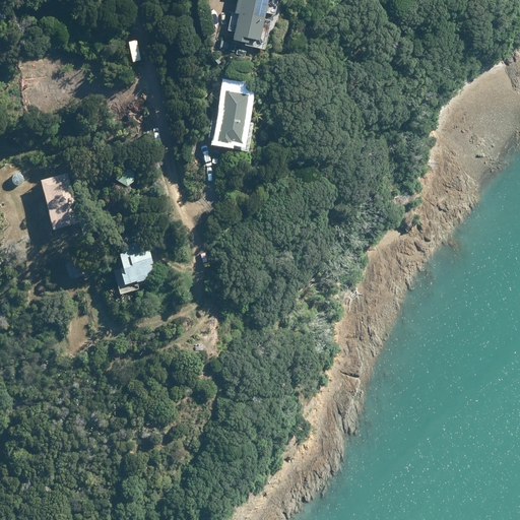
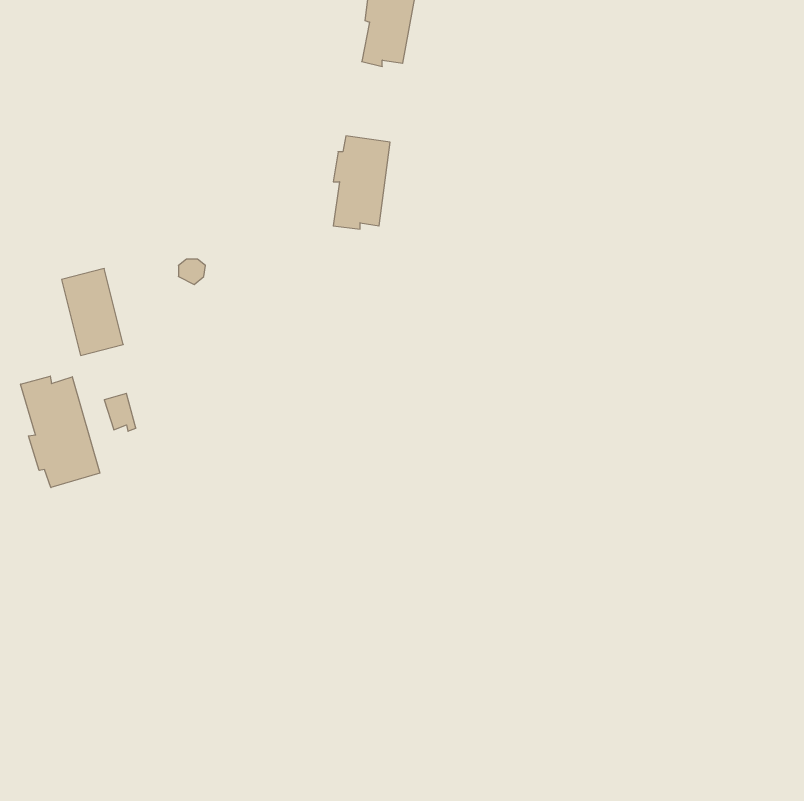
building: [119,242,152,285] -> none
building: none -> [21,376,100,488]

